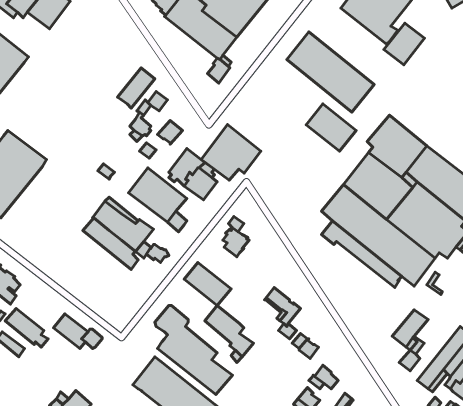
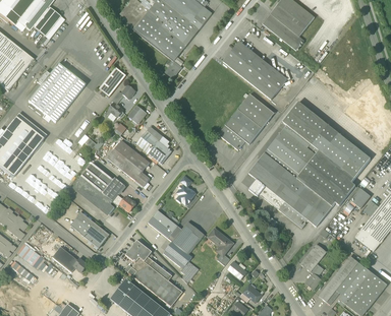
building: [384,23,425,65] -> none
building: none -> [27,63,85,122]
building: [201,125,261,180] -> [217,109,261,149]
building: none -> [69,211,109,248]
building: none -> [171,222,203,254]

